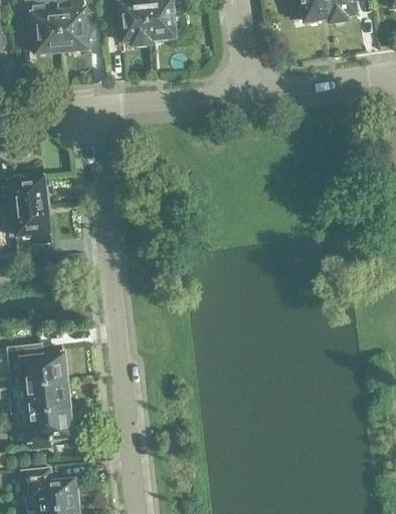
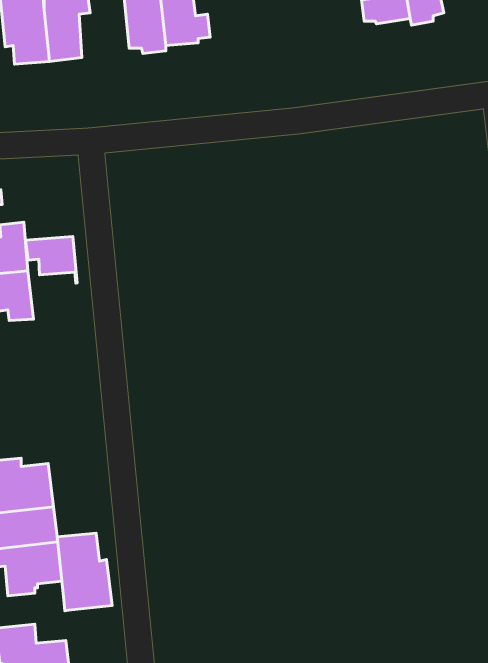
building: none -> [25,236,77,283]
building: none -> [57,533,112,611]

